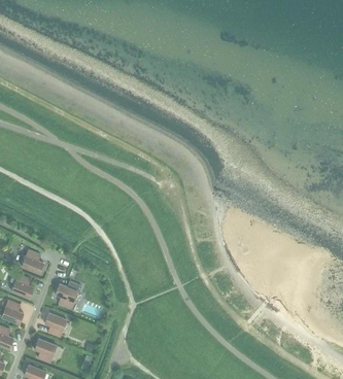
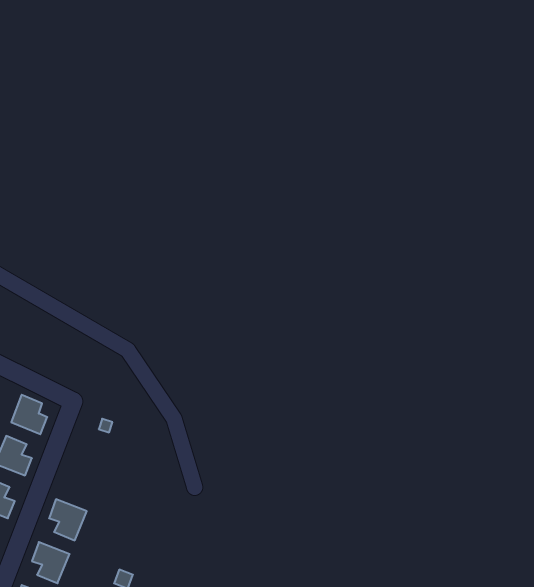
building: [56,279,81,306] -> none

